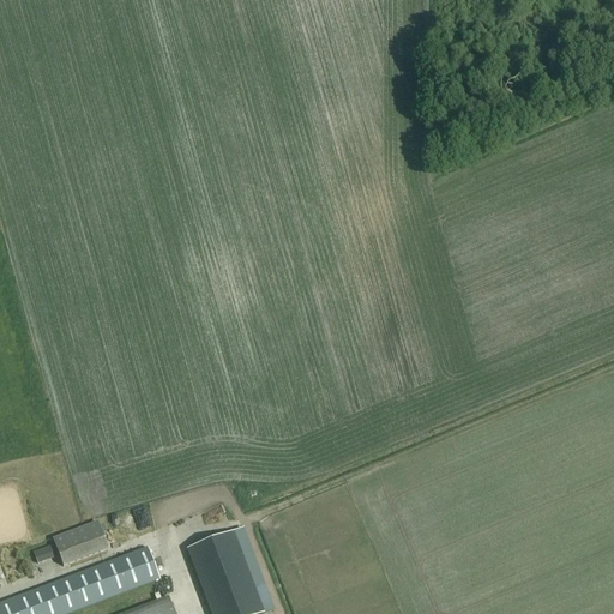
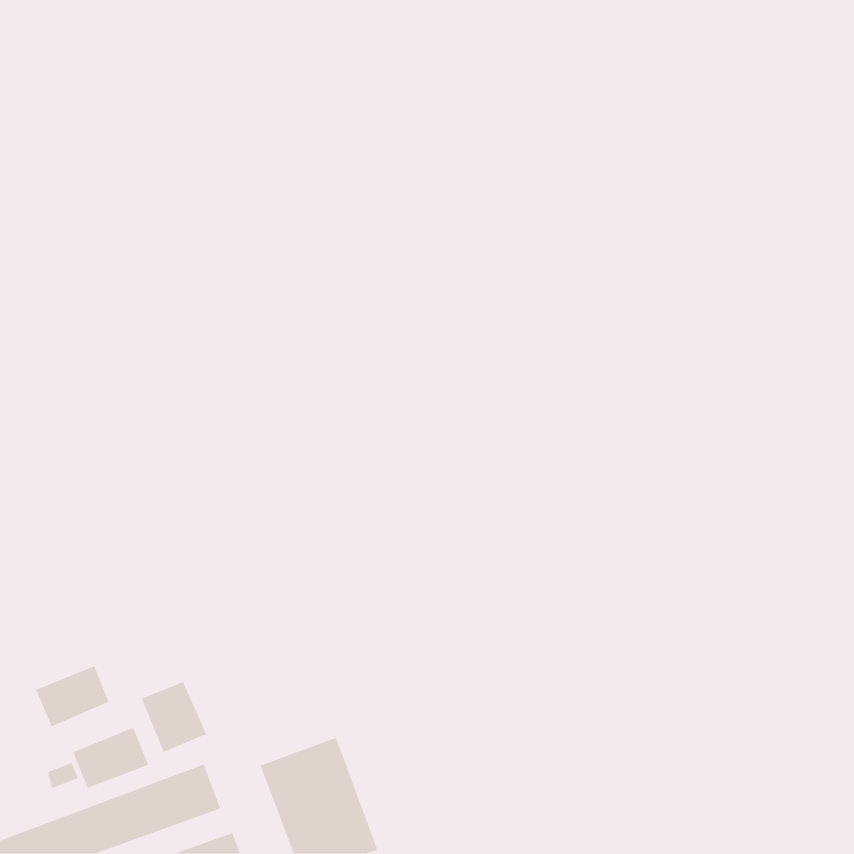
building: none -> [35,665,110,727]
building: none -> [141,681,207,753]

